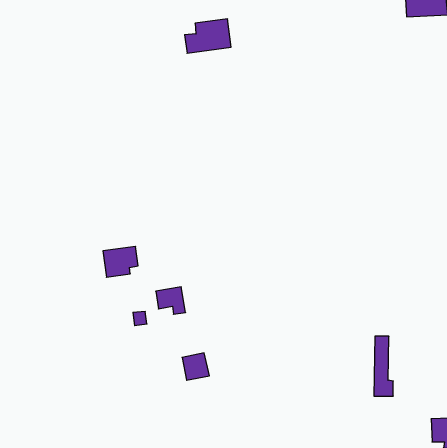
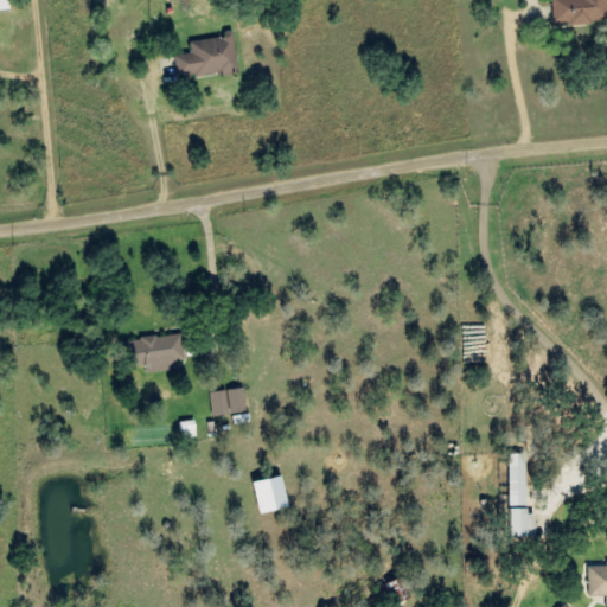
building: [185,19,231,53] -> [180,33,243,79]

